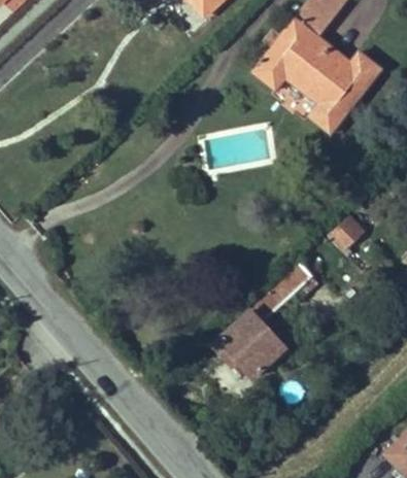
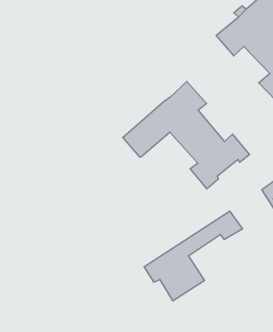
building: none -> [123,81,250,189]

